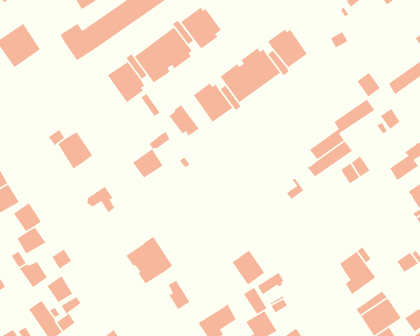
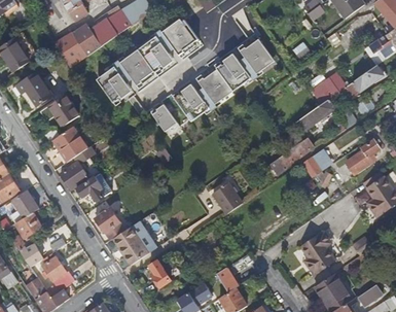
building: none -> [16,73,52,106]
building: none -> [40,95,79,126]
building: [132,131,170,179] -> [61,146,95,188]
building: none -> [96,208,124,239]
building: [232,249,265,285] -> [213,182,243,214]

